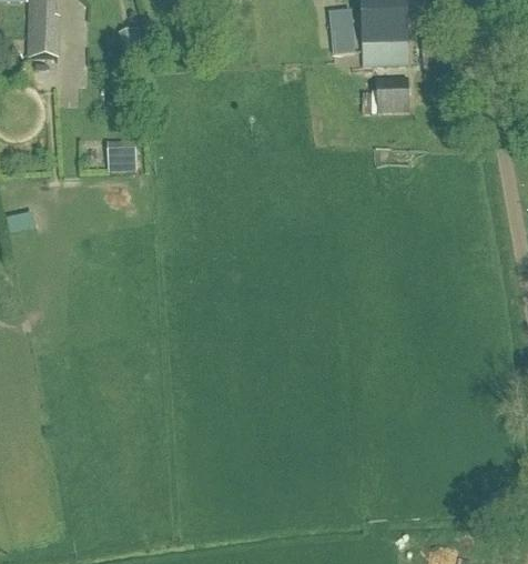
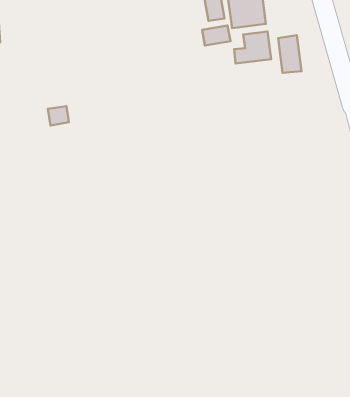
building: none -> [202,26,230,46]
building: none -> [278,35,301,73]

